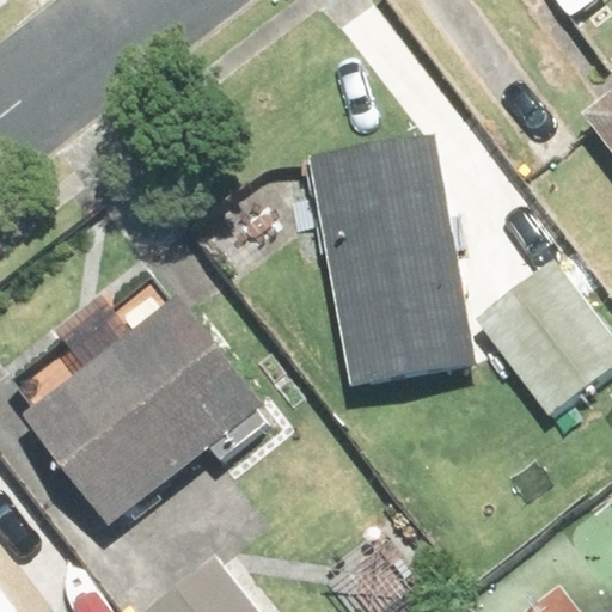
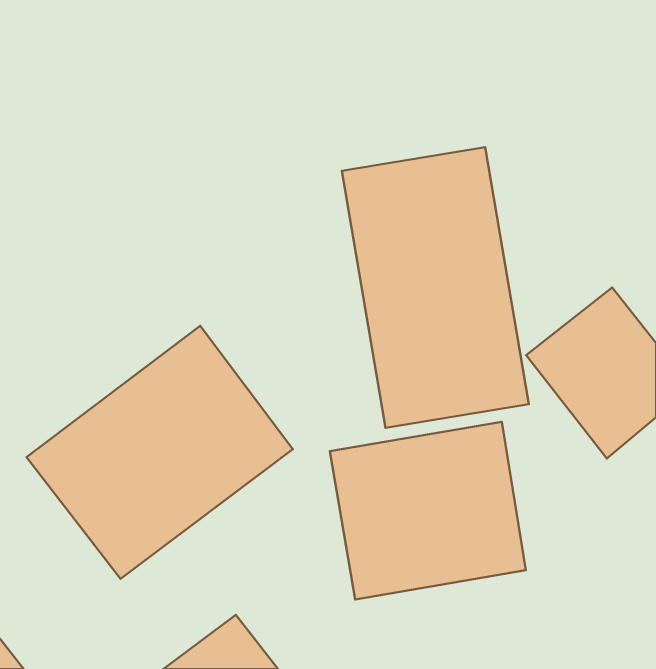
building: none -> [330,422,526,600]

